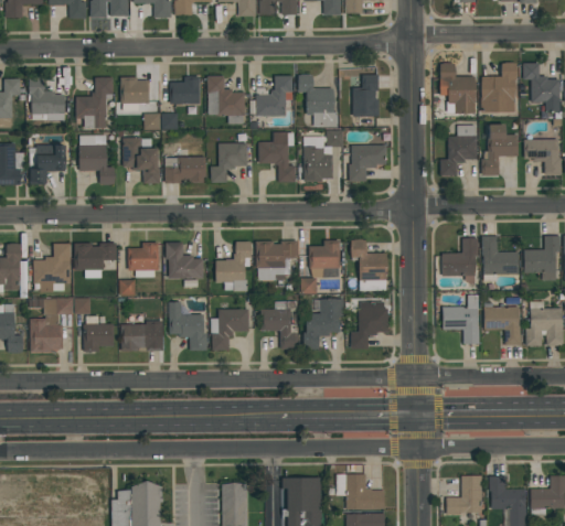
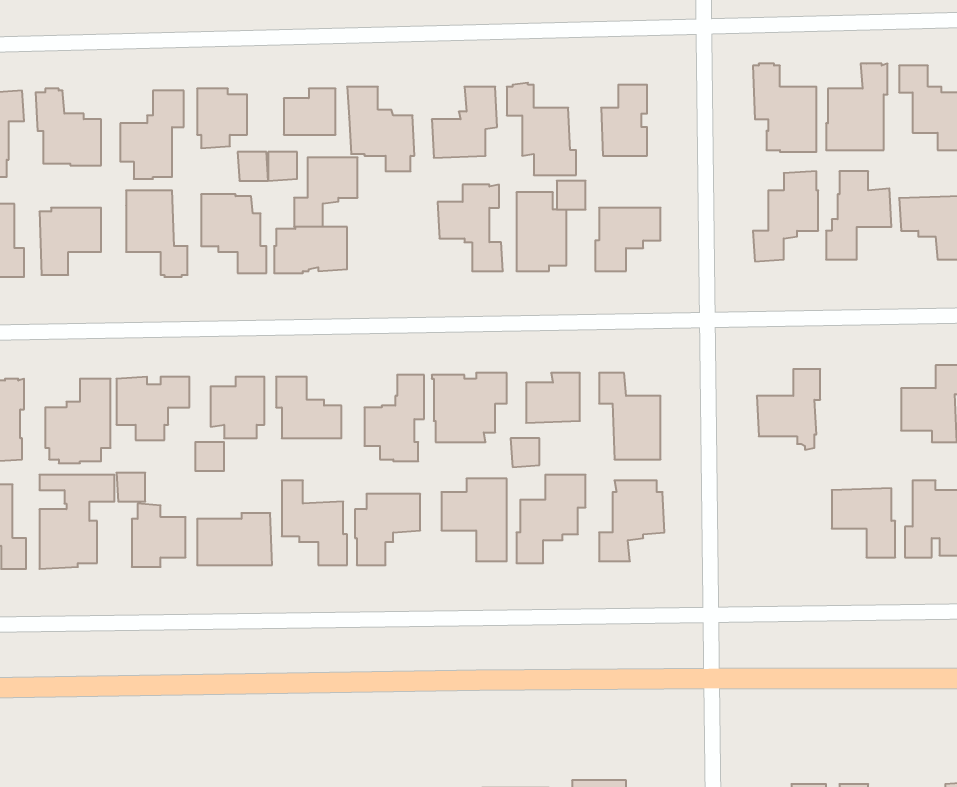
building: [211,143,247,183] -> [294,157,358,227]
building: [482,236,519,281] -> none
building: [443,294,479,344] -> none

